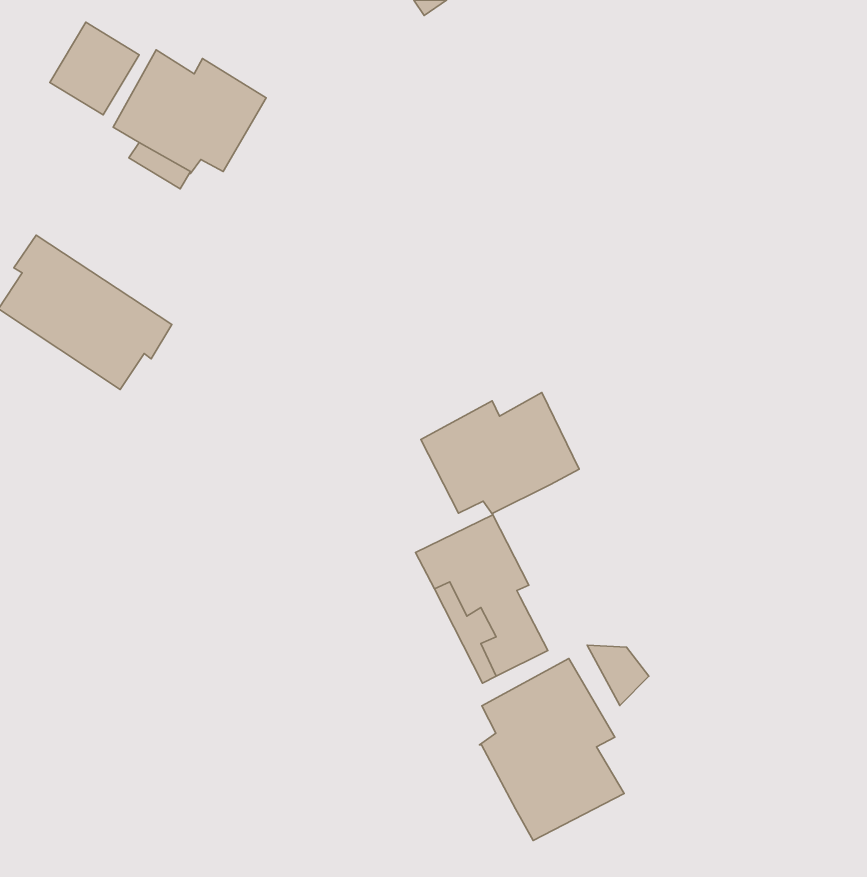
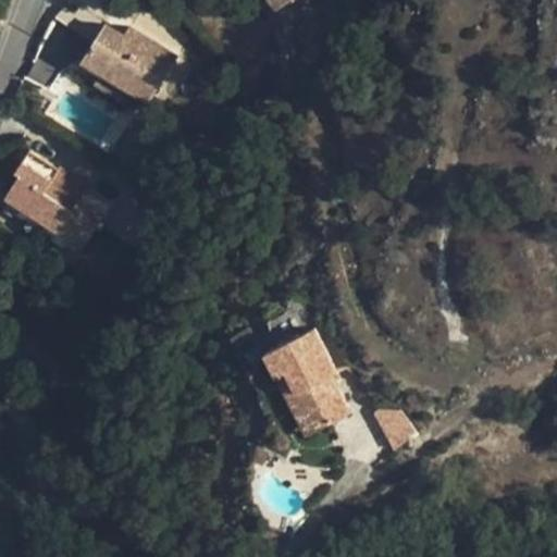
building: [421,392,579,515] -> none
building: [480,659,624,841] -> none

